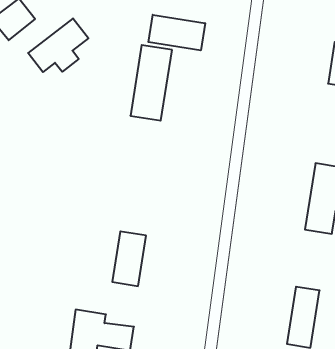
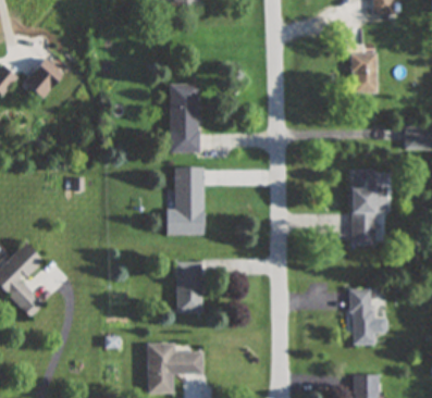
building: [148,15,205,50] -> none
building: [28,18,88,72] -> none
building: none -> [166,167,205,235]

